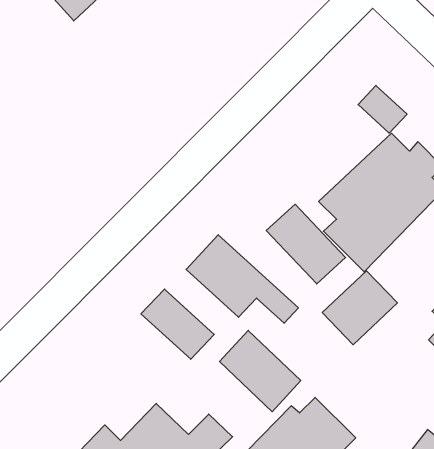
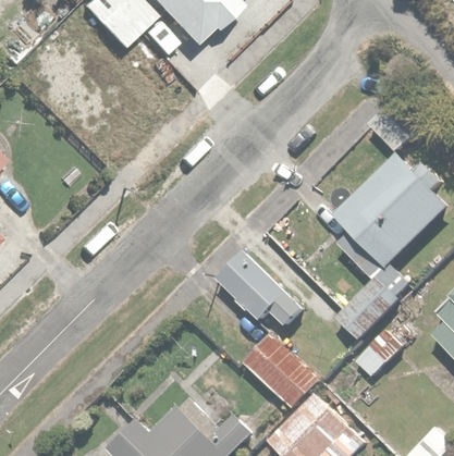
building: [266,204,346,284] -> none
building: [141,289,214,359] -> none

